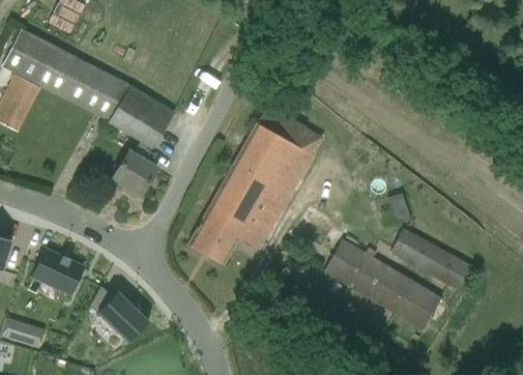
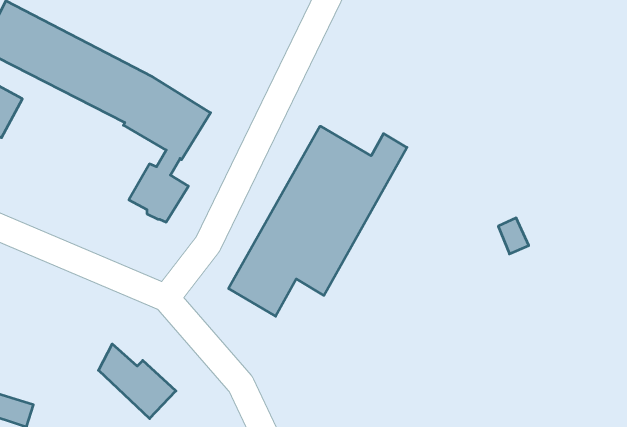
building: [389,227,477,292] -> none
building: [324,238,441,329] -> none
building: [32,250,83,294] -> none

